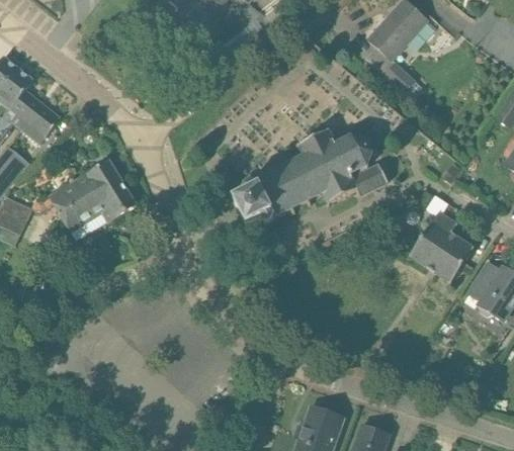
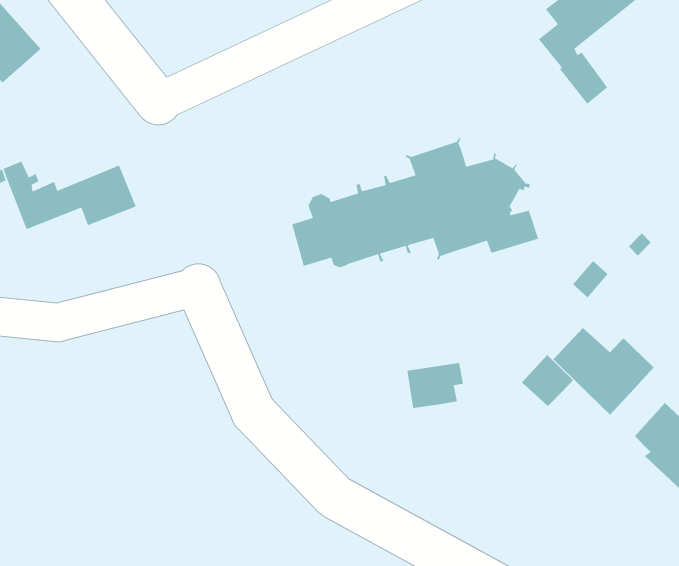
building: [60,158,120,204] -> none
building: [424,209,456,242] -> [521,354,574,407]
building: none -> [407,362,464,409]

